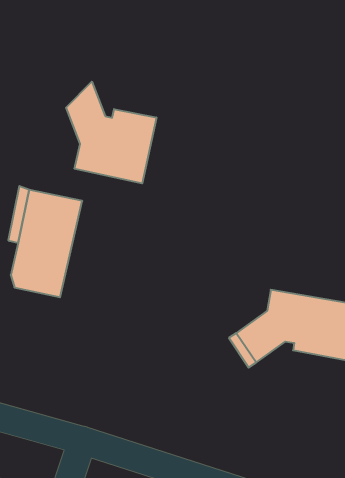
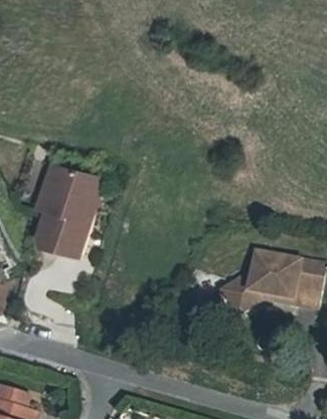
building: [66,82,156,183] -> none

